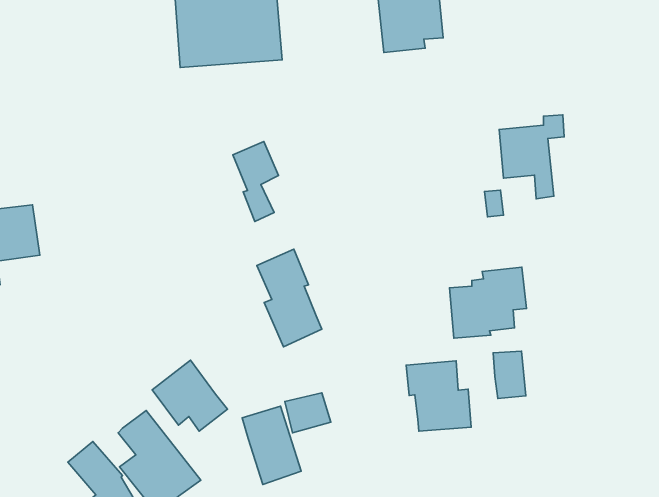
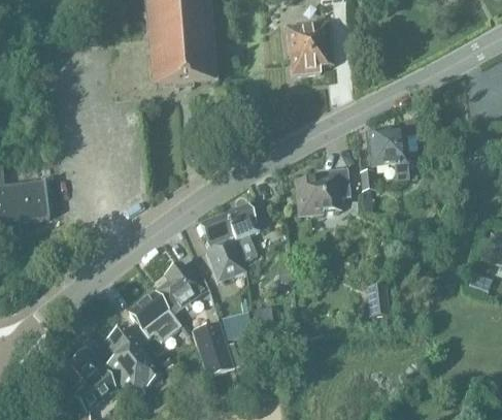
building: [233,142,278,221] -> [227,202,259,258]
building: [450,267,526,338] -> [296,166,349,216]
building: none -> [155,262,199,313]
building: [406,361,471,431] -> none

